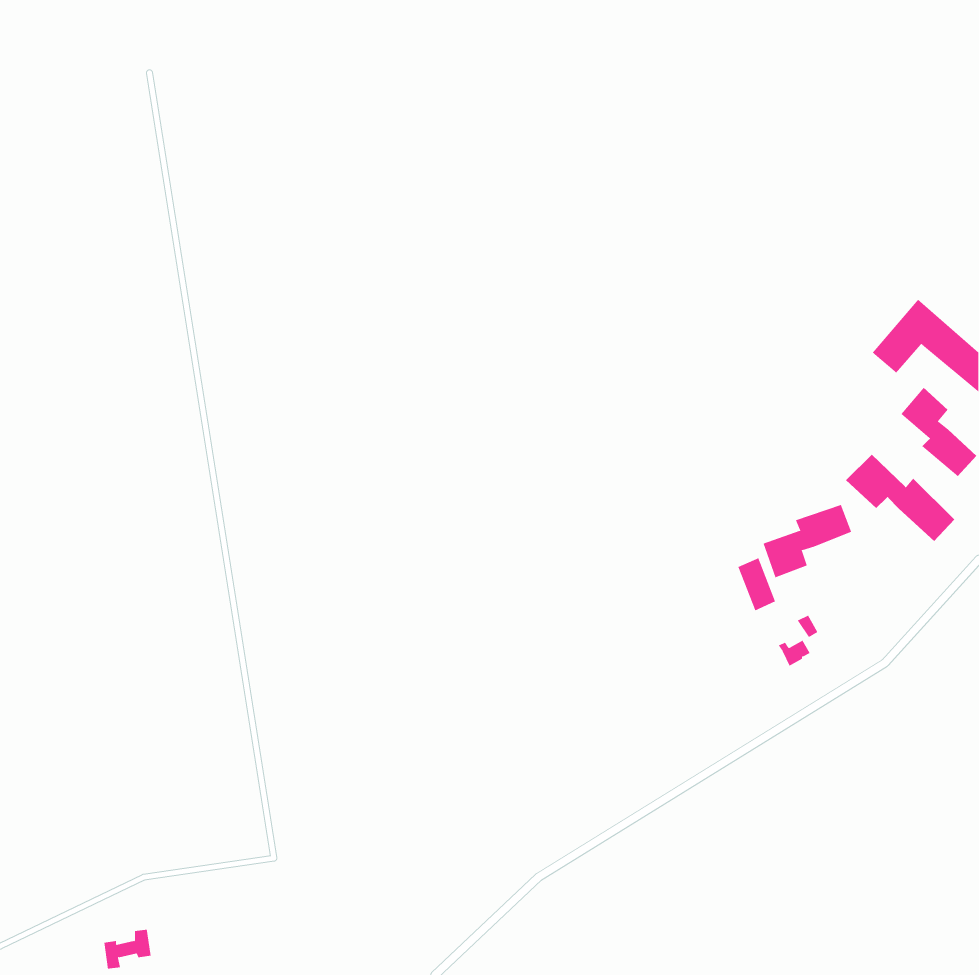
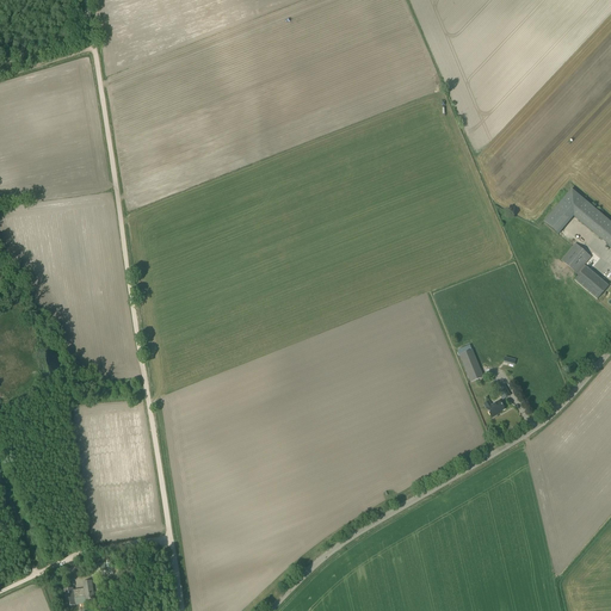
building: [845,454,955,542] -> none
building: [763,504,852,578] -> none

